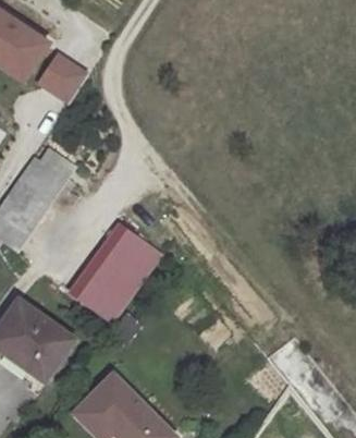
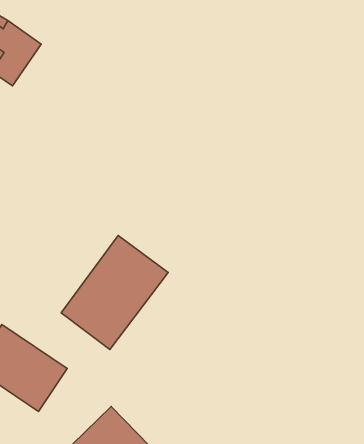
building: [40,54,87,104] -> none

